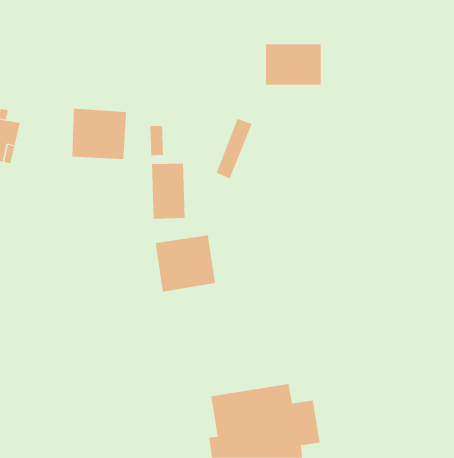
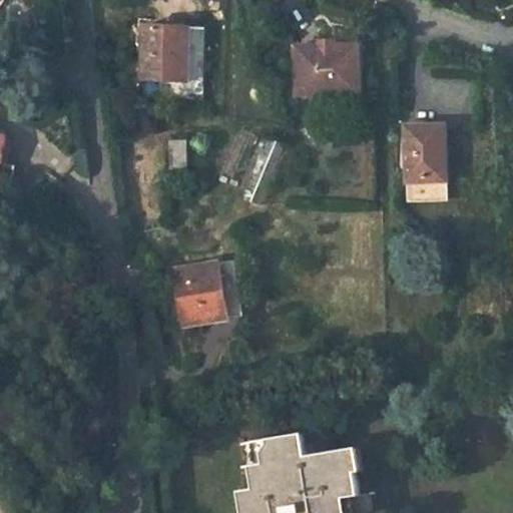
building: [71,108,127,159] -> [138,24,200,81]
building: none -> [406,138,445,212]
building: [151,163,185,219] -> none

